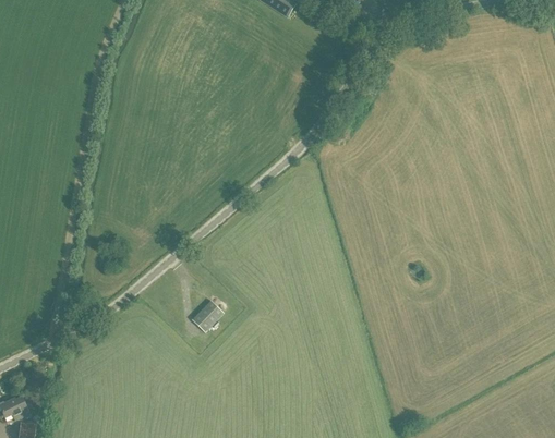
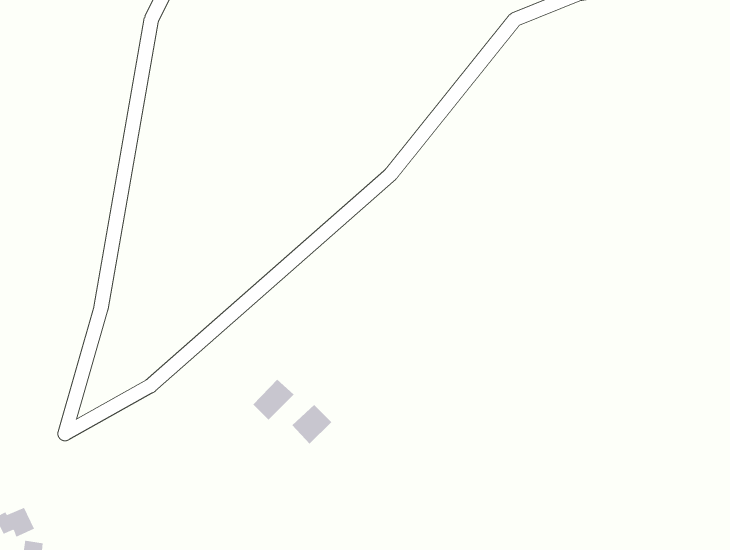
building: none -> [291,404,332,445]

